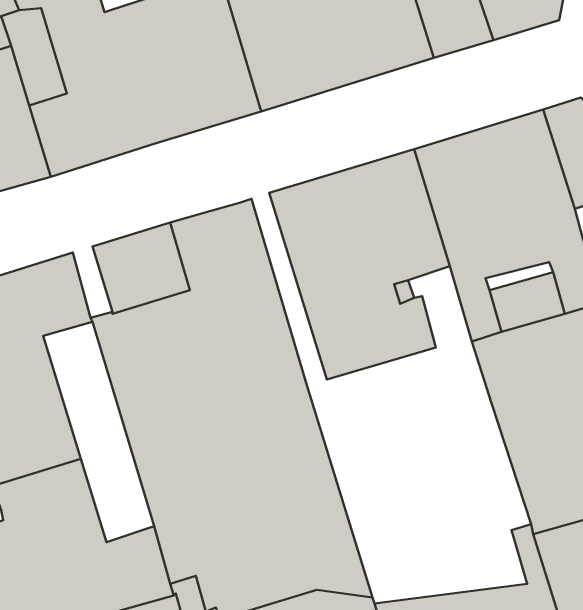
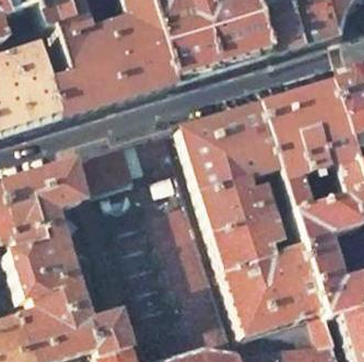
building: none -> [212,210,325,332]

